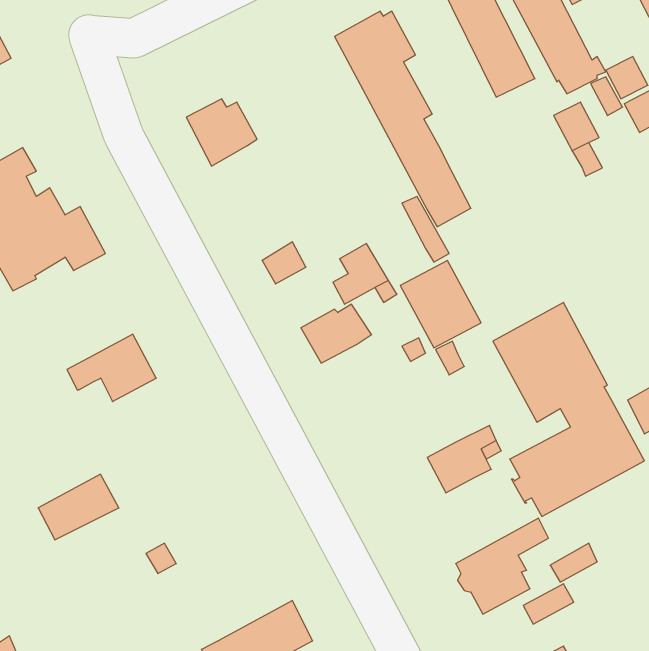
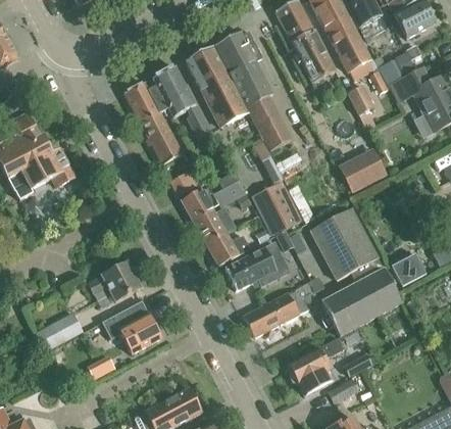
building: none -> [186,46,247,126]
building: none -> [152,65,210,139]
building: none -> [140,111,184,164]
building: none -> [339,147,388,193]
building: none -> [181,184,220,222]
building: [67,334,156,402] -> [88,260,142,301]
building: none -> [206,232,250,266]
building: none -> [224,242,291,290]
building: none -> [102,300,161,353]
building: none -> [244,300,282,335]

